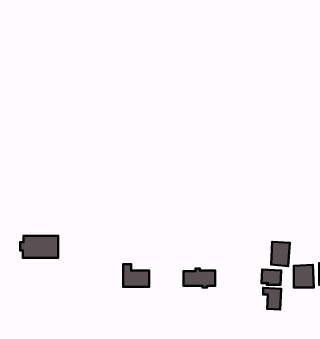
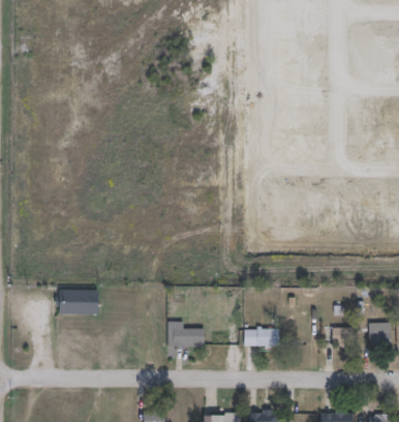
building: [271,242,290,266] -> none
building: [263,288,281,310] -> none

